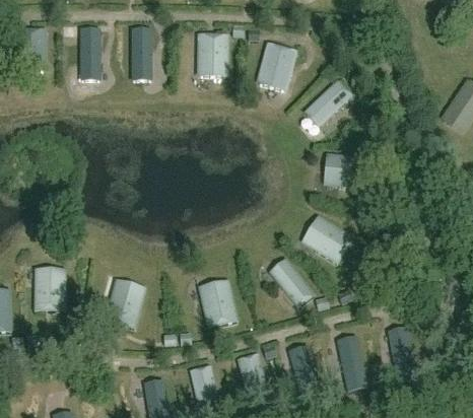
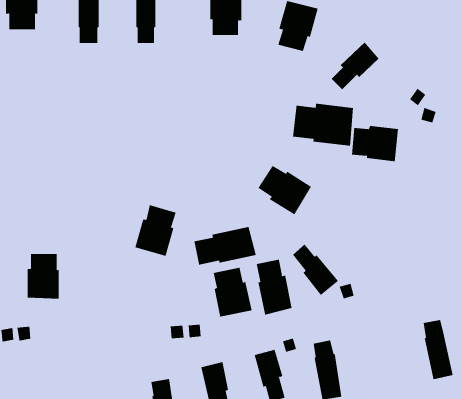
building: none -> [293,103,354,146]
building: [303,218,352,263] -> [257,165,312,215]
building: none -> [194,226,256,265]
building: none -> [256,259,292,315]
building: [105,280,142,327] -> [134,204,176,257]
building: [338,337,365,391] -> none

